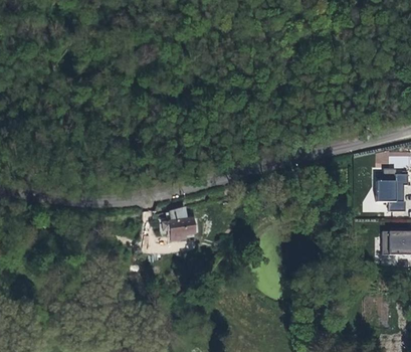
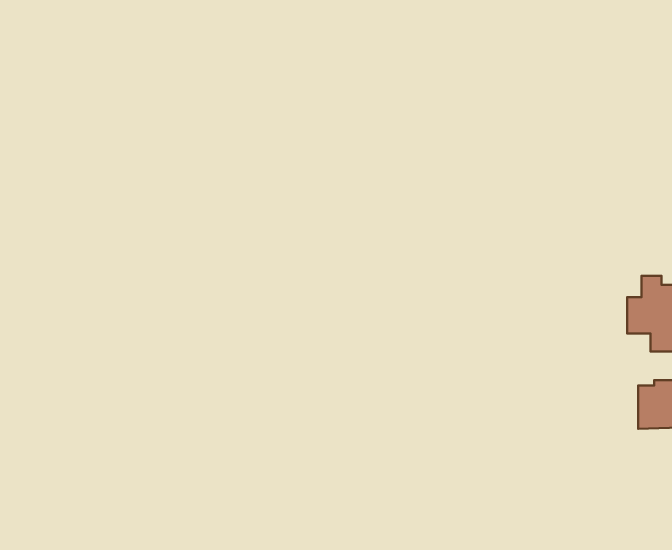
building: [163,208,195,240] -> none

